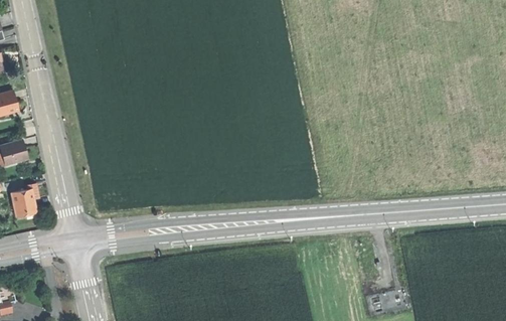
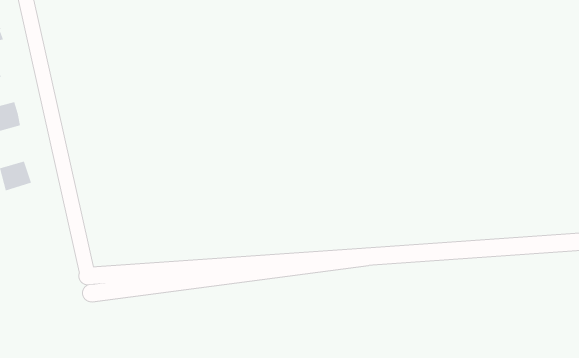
building: [11,189,35,213] -> none

